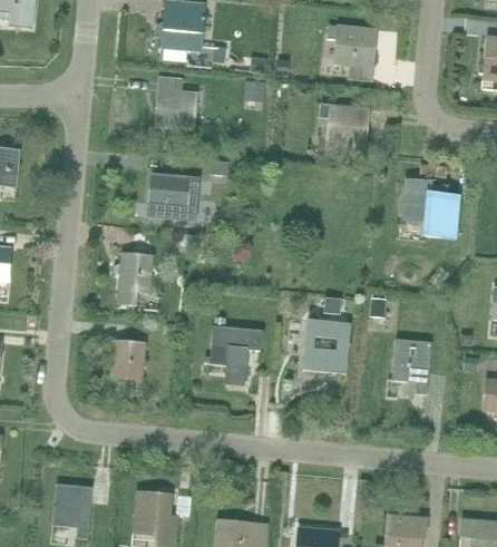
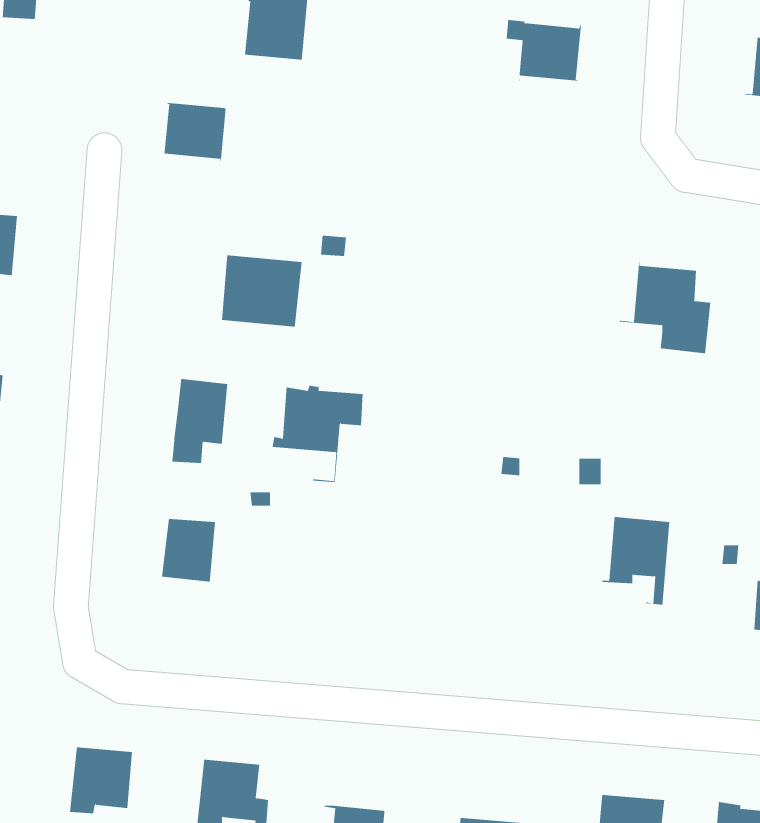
building: [155,91,195,129] -> [163,103,227,163]
building: [318,104,367,157] -> none
building: [302,319,349,373] -> none
building: [203,324,261,385] -> [272,385,364,482]

